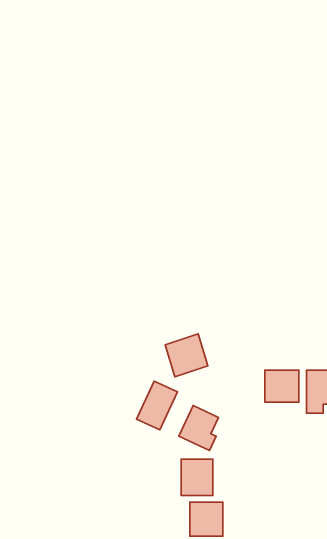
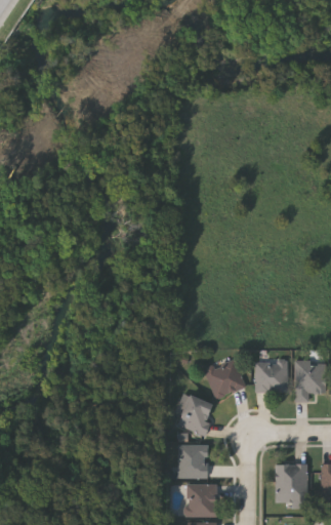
building: [165,334,208,377] -> [205,358,245,398]
building: [136,381,178,430] -> none
building: none -> [276,463,307,506]

